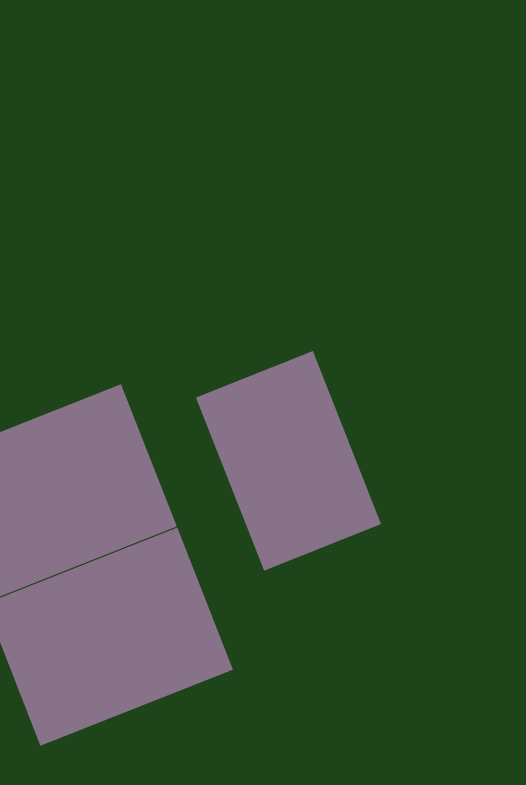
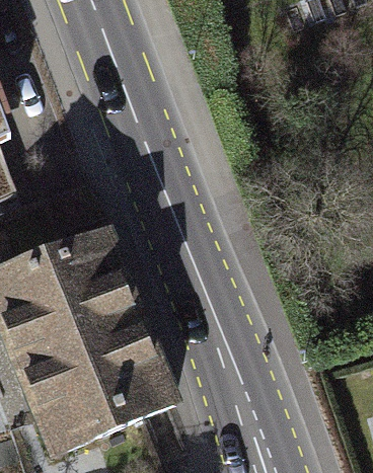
building: [195,350,382,572] -> none

